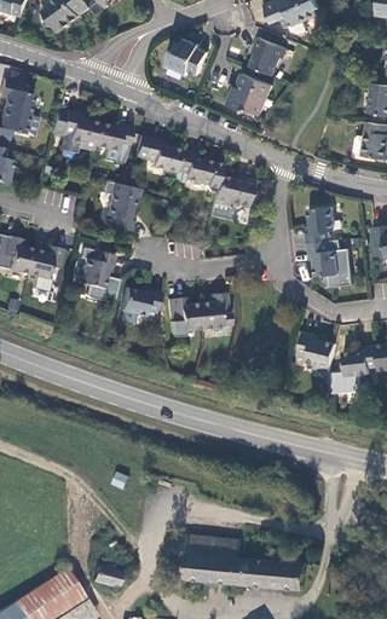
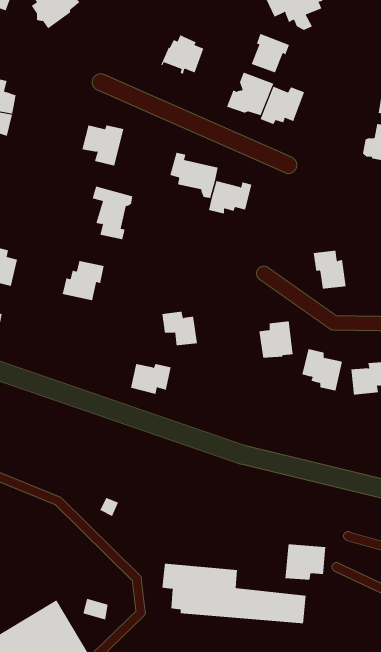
building: none -> [260,86,305,125]
building: [50,109,97,152] -> none
building: [133,135,179,172] -> none
building: [306,208,334,243] -> none
building: [25,245,62,279] -> none
building: [119,288,157,317] -> [130,363,172,394]
building: [196,293,229,328] -> [259,321,294,358]
building: none -> [285,543,326,581]

